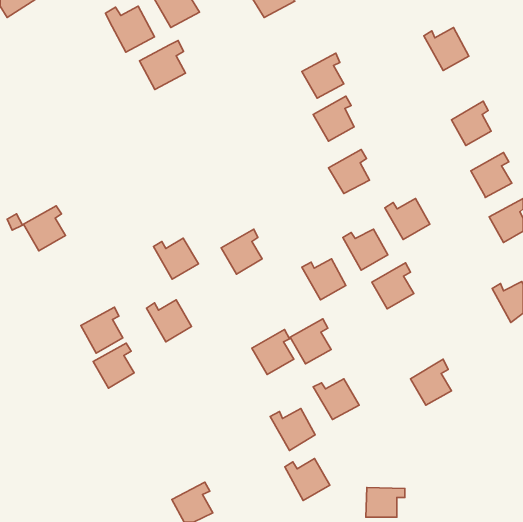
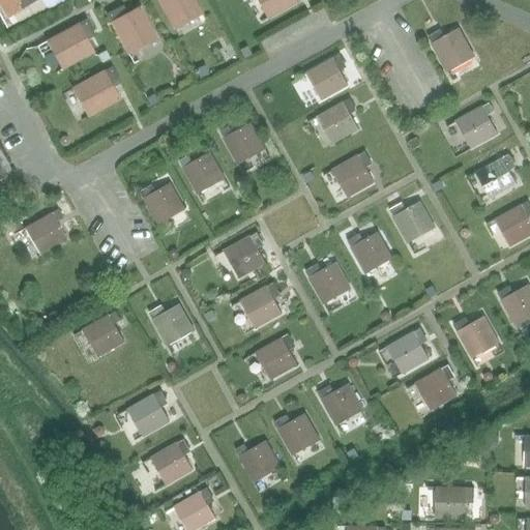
building: none -> [47,19,93,68]
building: [139,40,185,89] -> [72,66,119,116]
building: none -> [219,122,265,164]
building: none -> [179,151,225,193]
building: [154,238,199,279] -> [140,182,185,224]
building: [372,263,414,309] -> [386,327,429,374]
building: none -> [453,316,499,358]
building: [290,319,331,364] -> [240,282,282,327]
building: [93,343,134,388] -> [127,390,169,436]
building: none -> [151,439,193,484]
building: [285,459,330,501] -> [235,440,281,482]
building: [366,487,405,517] -> [434,485,473,516]

